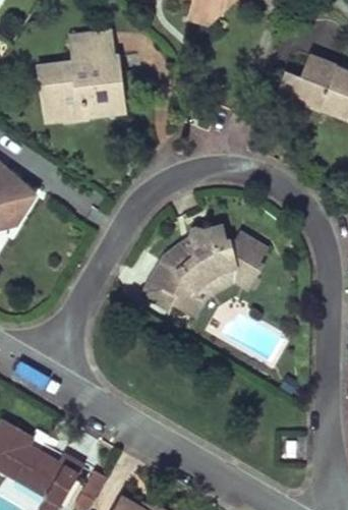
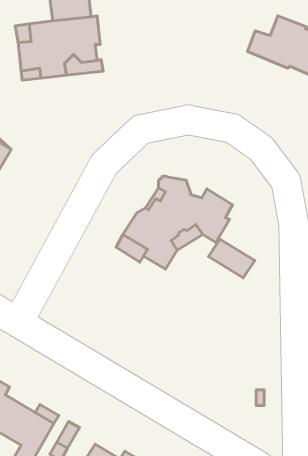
building: none -> [209,239,255,278]

